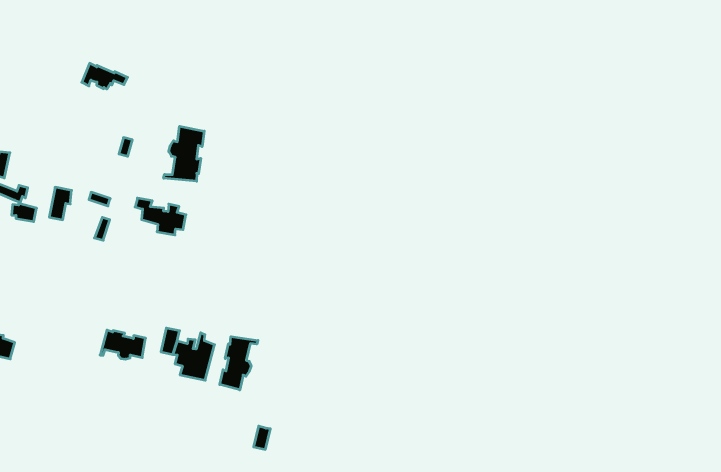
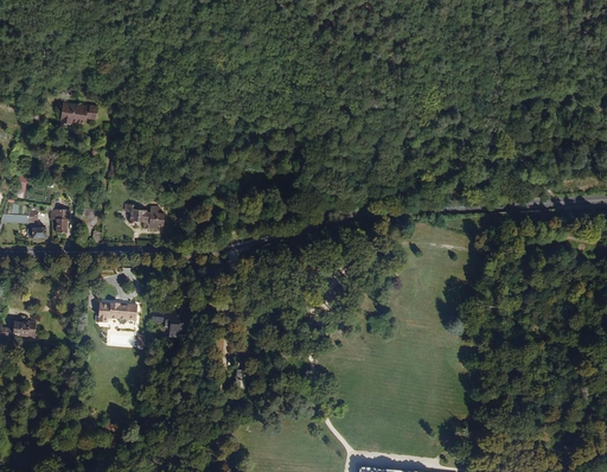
building: [164,126,204,181] -> none
building: [220,337,258,390] -> none

